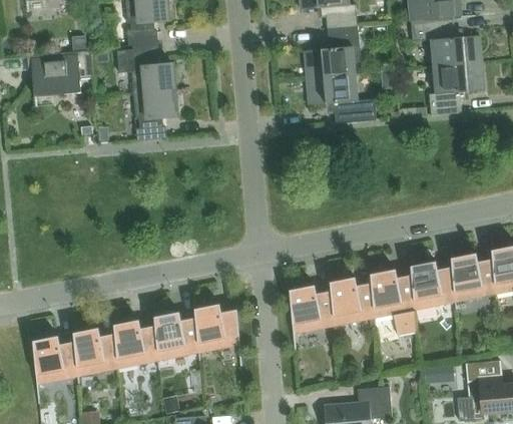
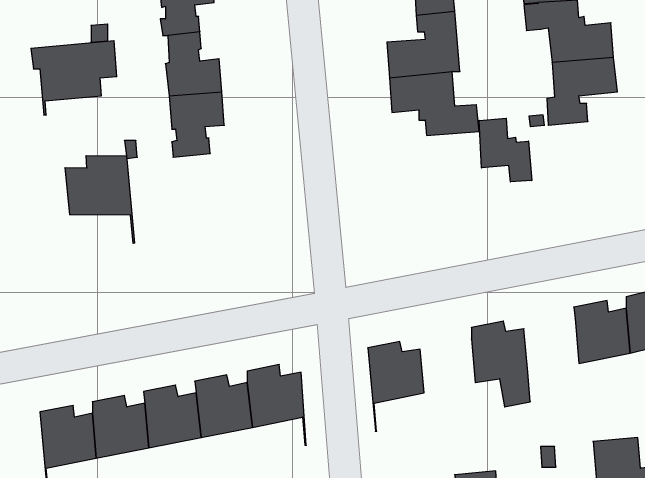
building: none -> [479,118,532,182]
building: none -> [65,155,135,243]
building: [410,261,454,309] -> none
building: [329,277,373,325] -> none

